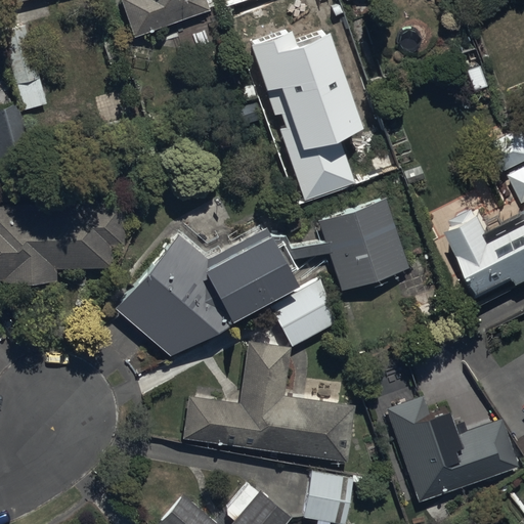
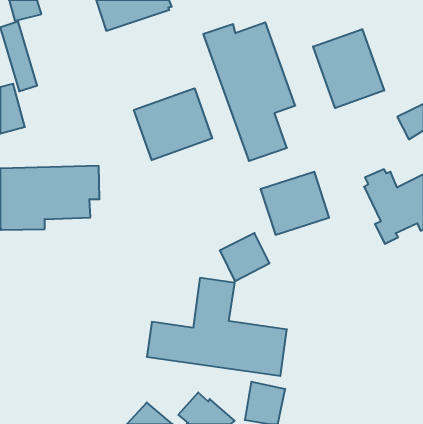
building: none -> [313,29,384,108]
building: none -> [134,88,212,160]
building: [115,229,298,356] -> none
building: [386,397,519,504] -> none

